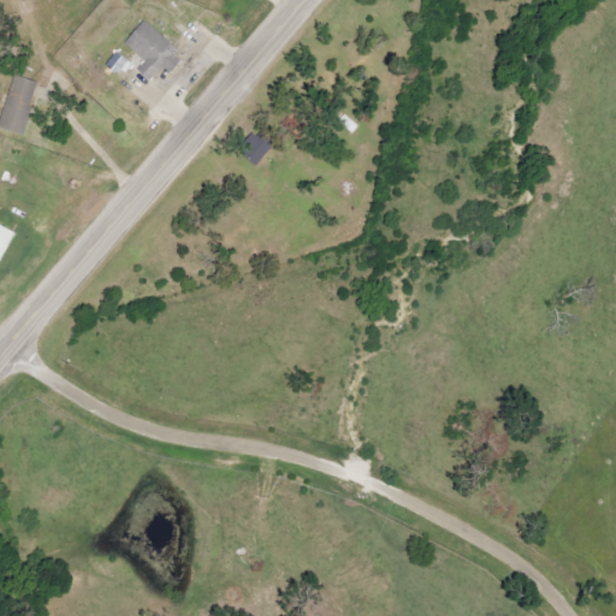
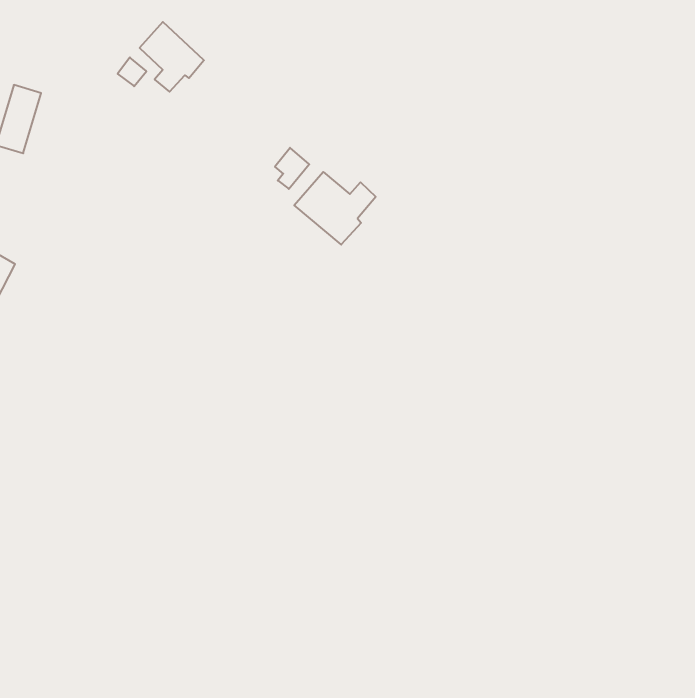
building: none -> [294,172,376,245]

